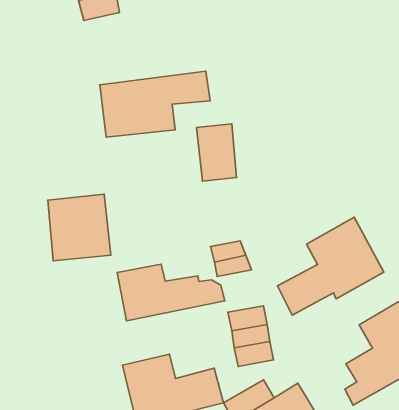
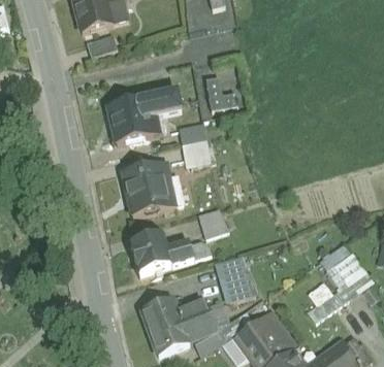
building: none -> [203,76,235,110]
building: [48,194,111,261] -> [125,164,175,216]
building: [277,217,384,315] -> none

